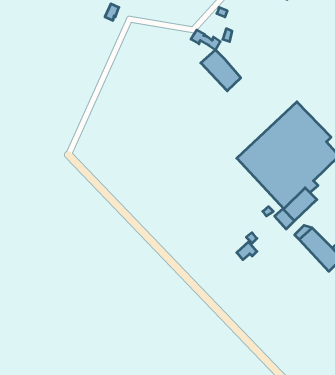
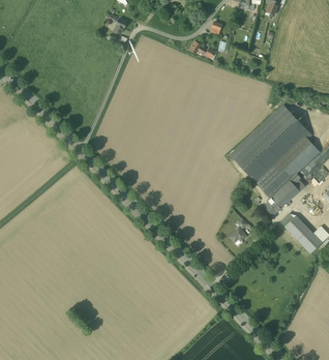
building: [201,50,241,91] -> none

